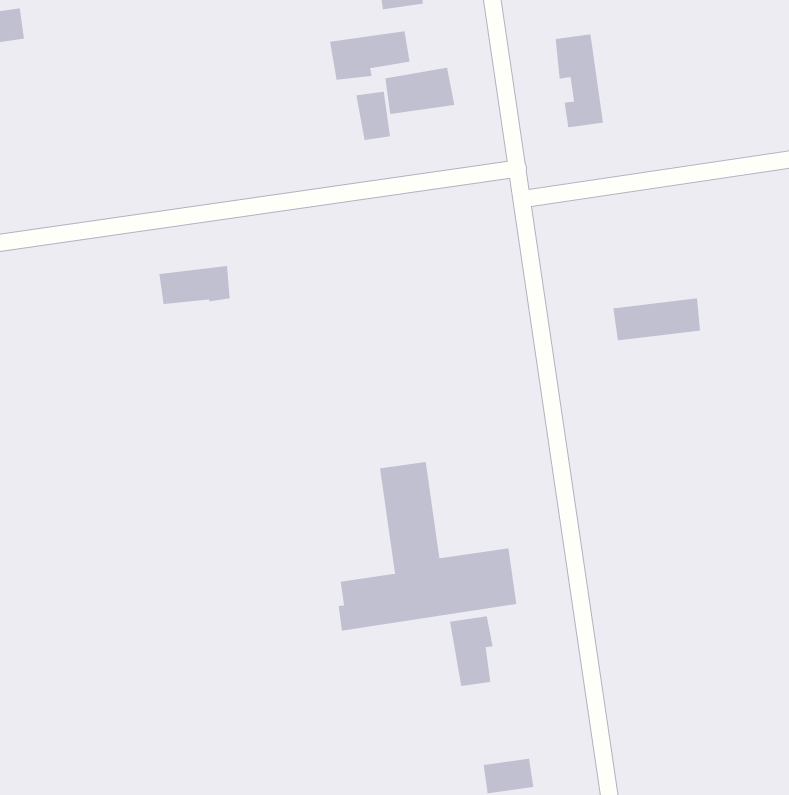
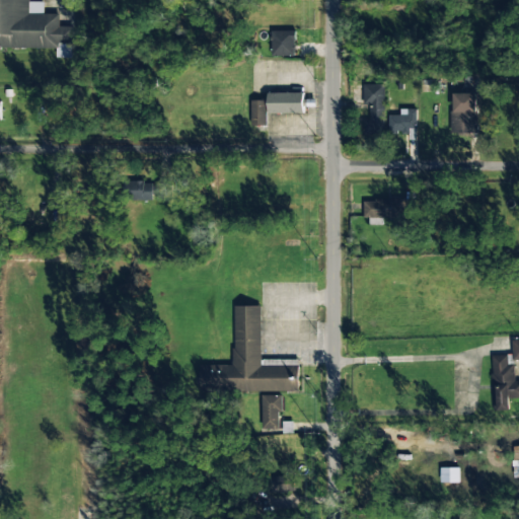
building: none -> [451,92,476,133]
building: [329,30,410,80] -> none
building: none -> [388,108,417,132]
building: [612,298,701,341] -> [364,199,412,218]

